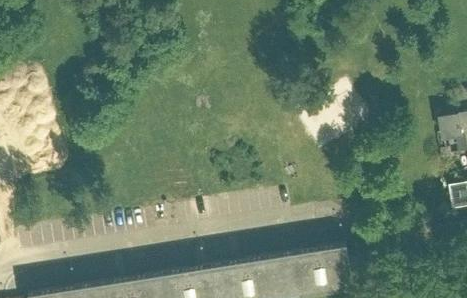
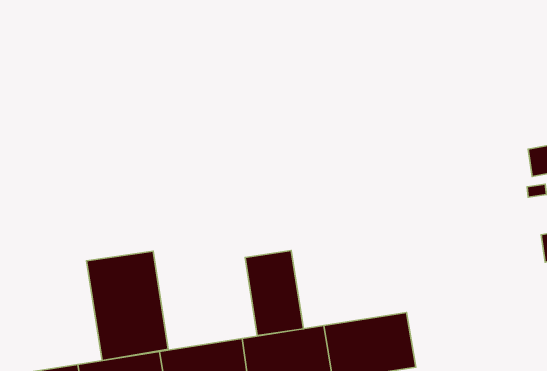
building: none -> [245,251,303,336]
building: none -> [86,251,168,361]

